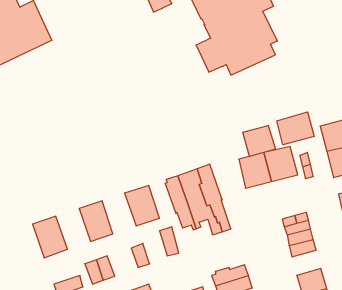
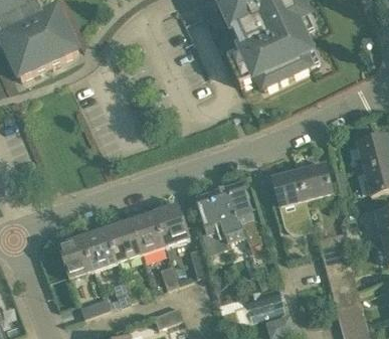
building: [277,112,314,145] -> none
building: [243,125,276,156] -> none
building: none -> [130,210,165,252]
building: none -> [81,226,118,269]
building: none -> [327,270,357,296]

